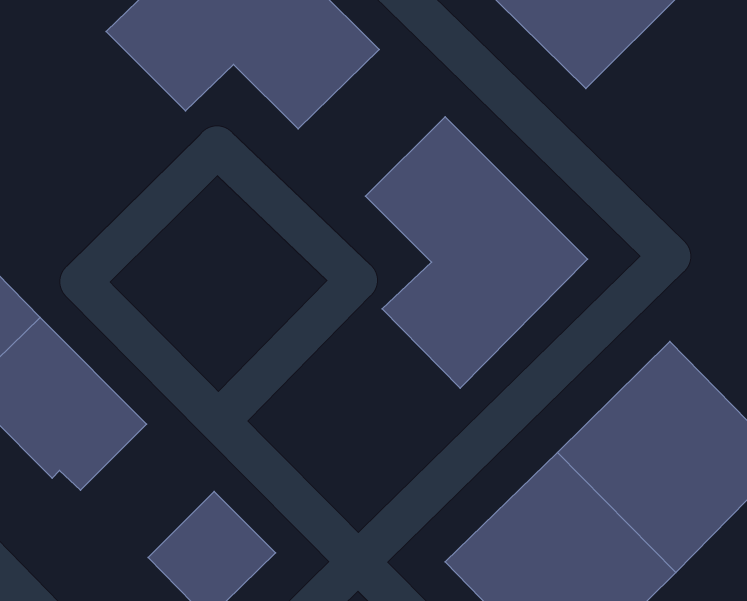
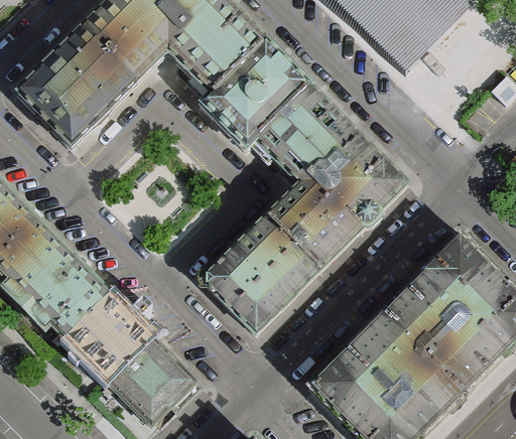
building: none -> [17,28,134,145]
building: none -> [201,40,308,149]
building: none -> [202,214,318,331]
building: none -> [63,292,153,382]

